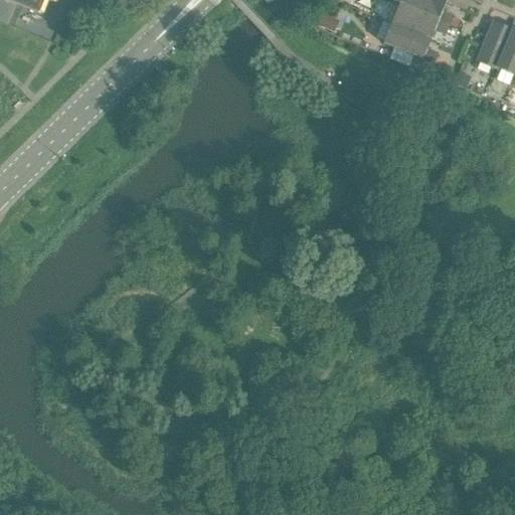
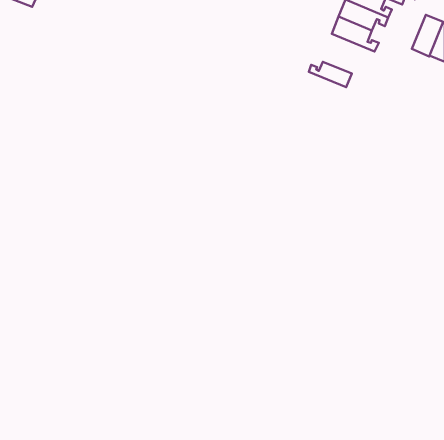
building: none -> [309,62,352,87]

